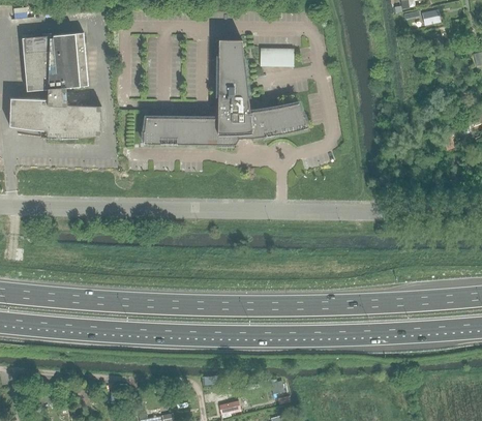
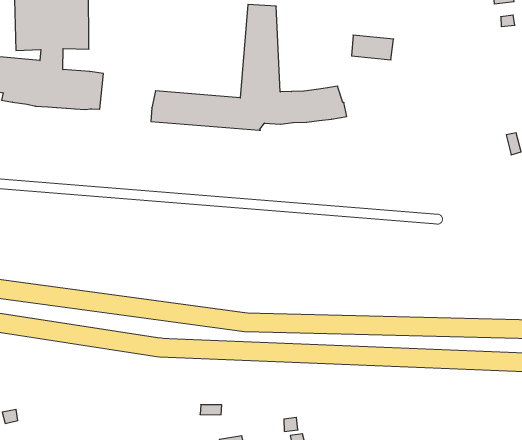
building: [261,48,295,66] -> [352,35,394,60]

